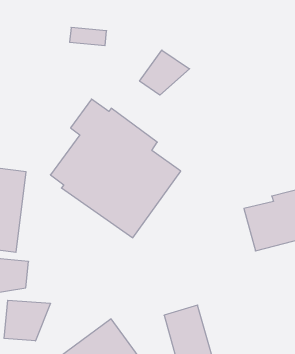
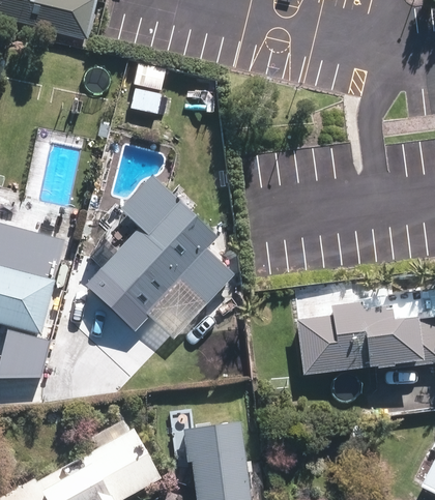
building: [140,50,190,95] -> none
building: [4,300,50,341] -> none

